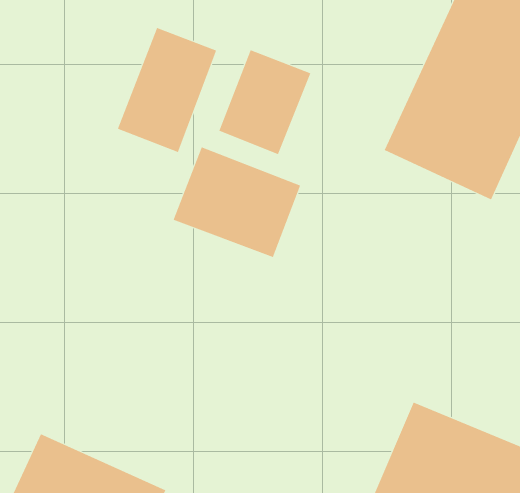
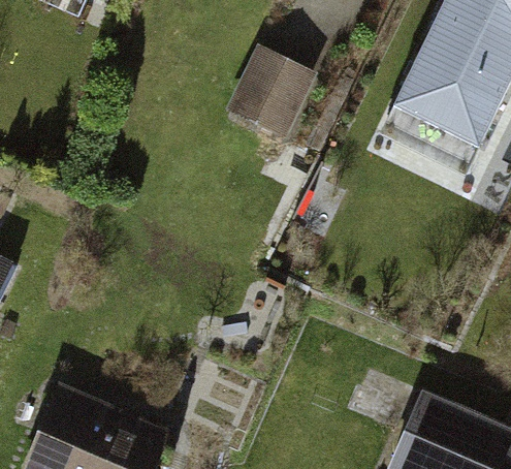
building: [117,27,217,153] -> none
building: [173,147,301,258] -> none

